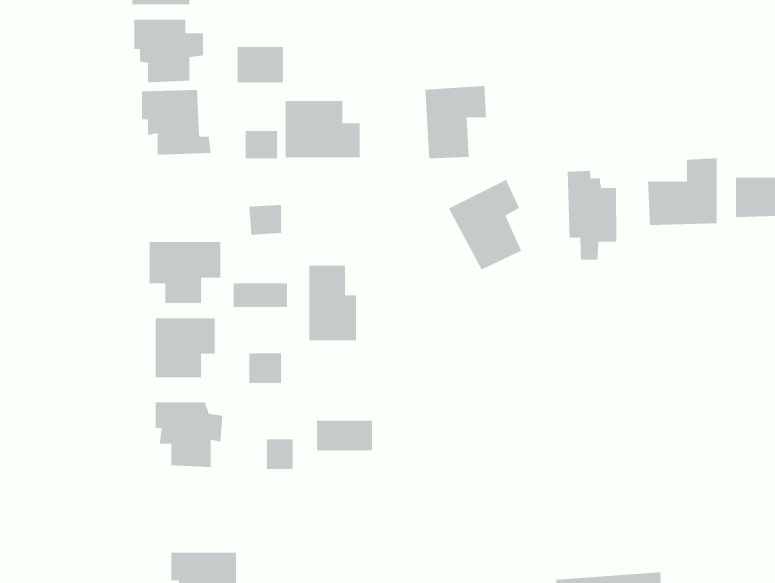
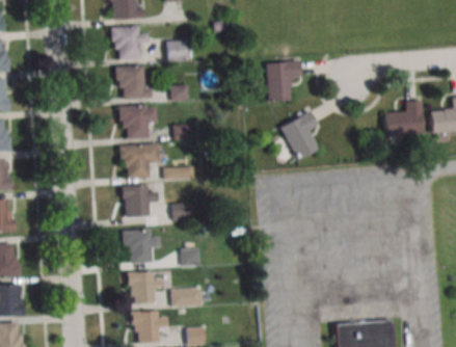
building: [285,100,360,158] -> none
building: none -> [119,106,157,138]
building: [567,170,617,261] -> none
building: [309,265,357,341] -> none
building: [316,420,373,451] -> [171,289,202,305]
building: none -> [129,271,160,303]

